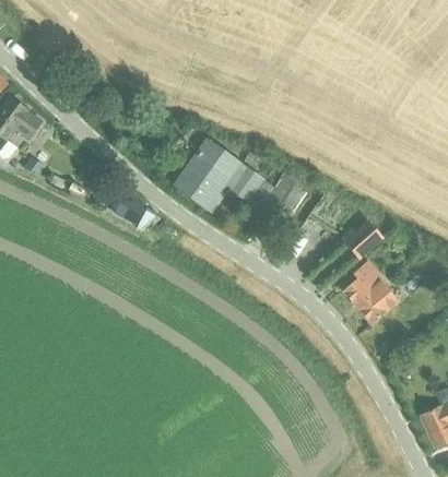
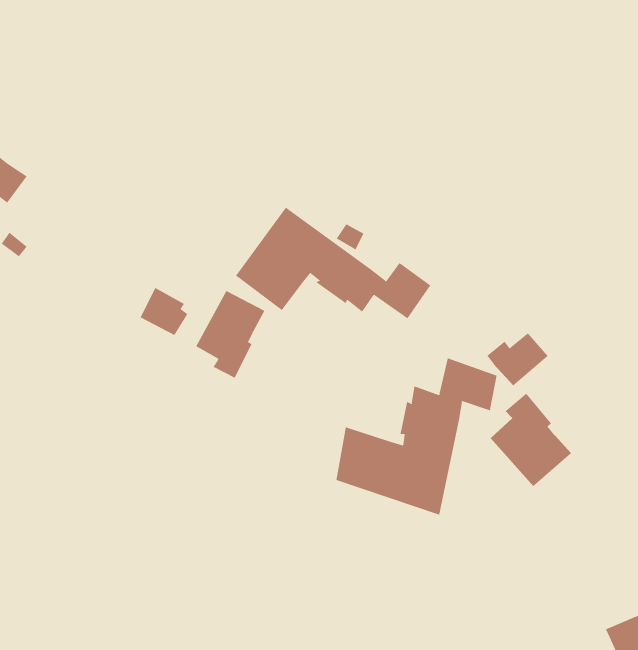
building: none -> [196,290,265,378]
building: none -> [336,357,497,515]

